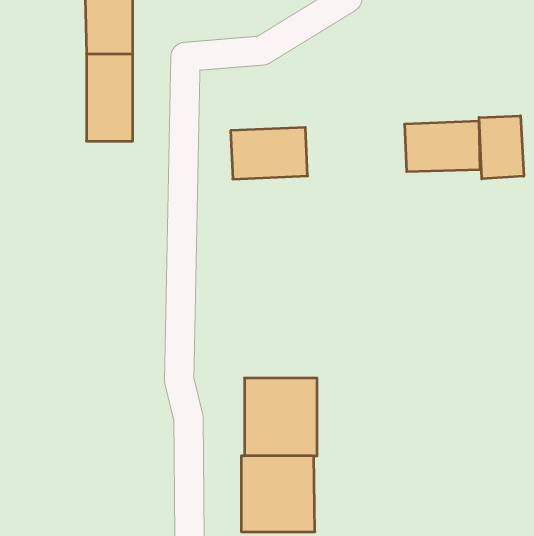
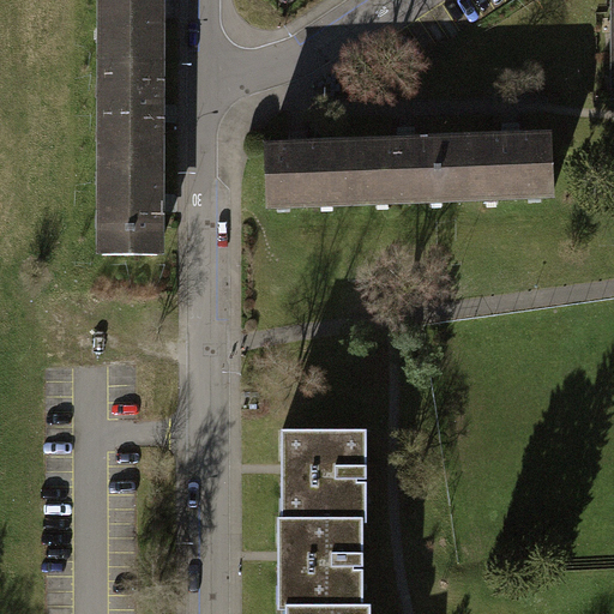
building: [479,116,524,179] -> none
building: none -> [353,142,468,200]
building: none -> [103,161,157,253]

